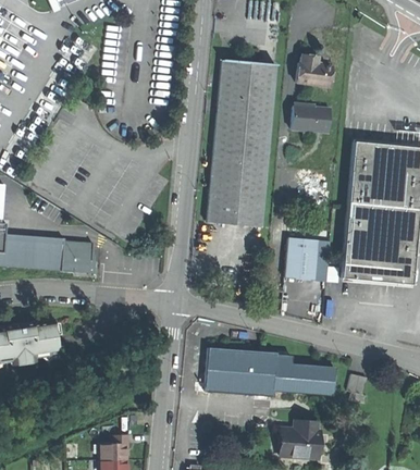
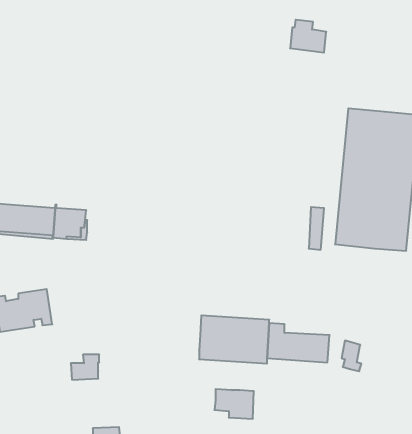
building: [207,59,276,227] -> none
building: [292,107,330,131] -> none
building: [285,237,317,281] -> none
building: [280,426,319,456] -> [214,389,254,419]
building: [99,434,127,459] -> [71,355,99,380]

